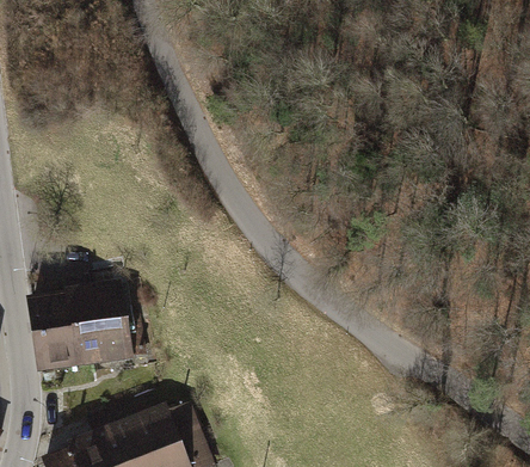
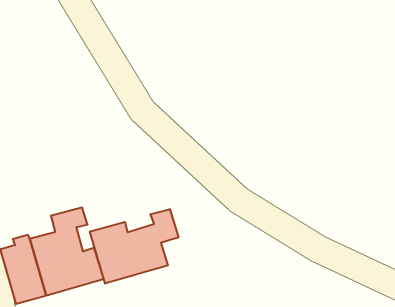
building: none -> [90,209,179,284]

